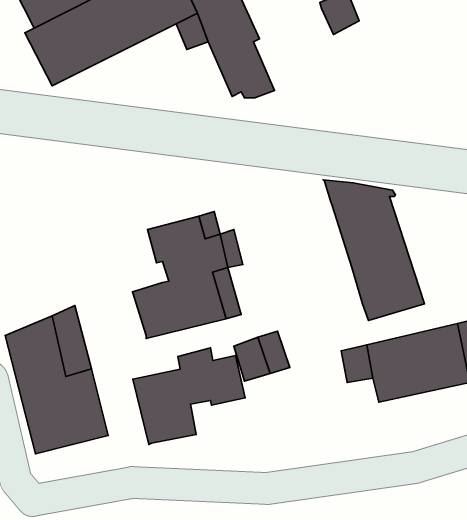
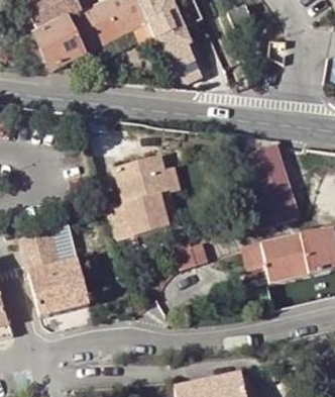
building: [133,348,245,445] -> none

